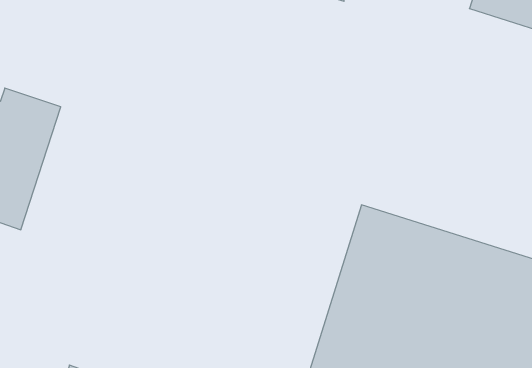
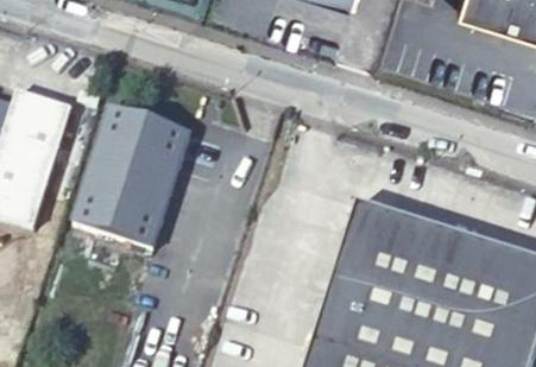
building: none -> [76,103,190,234]

